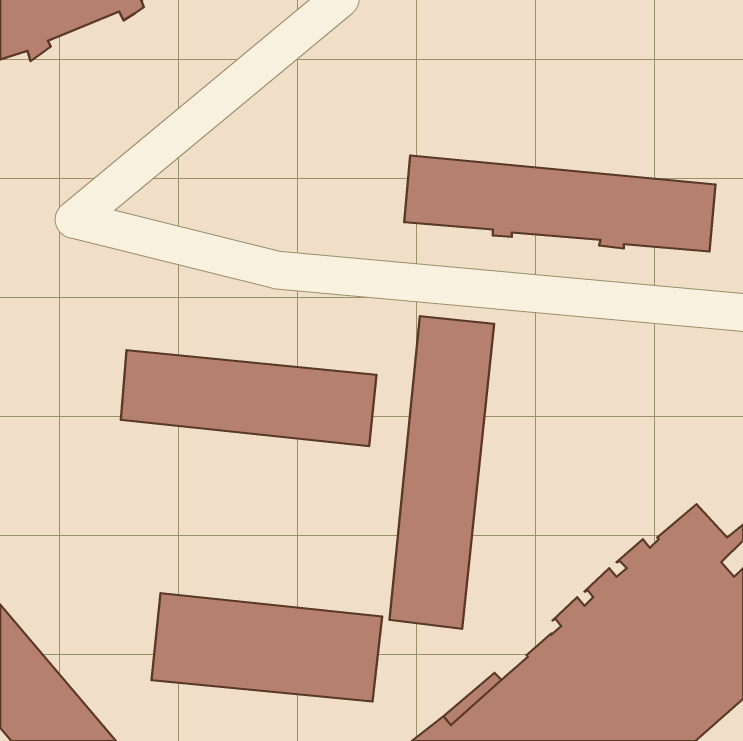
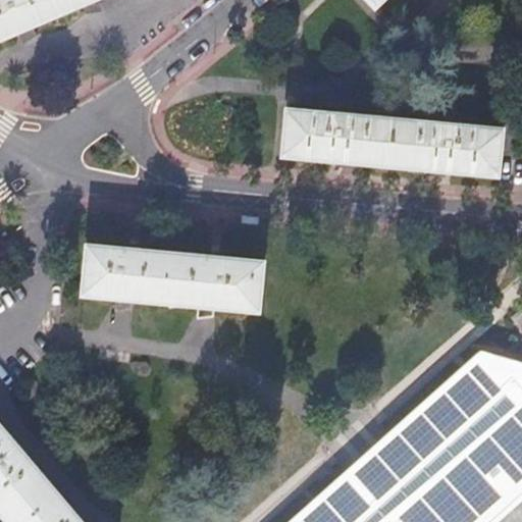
building: [390,316,494,629] -> none
building: [152,593,382,702] -> none

